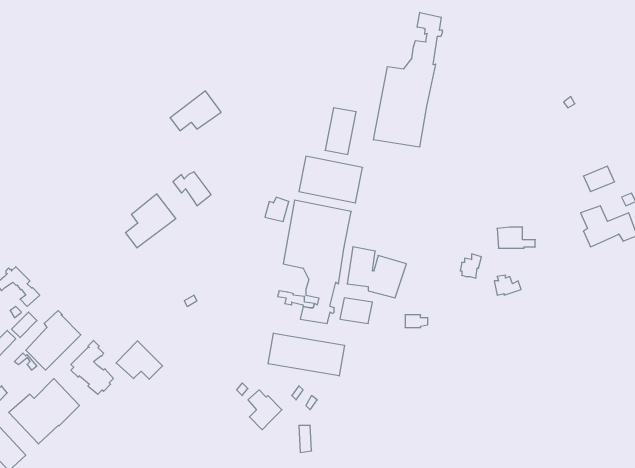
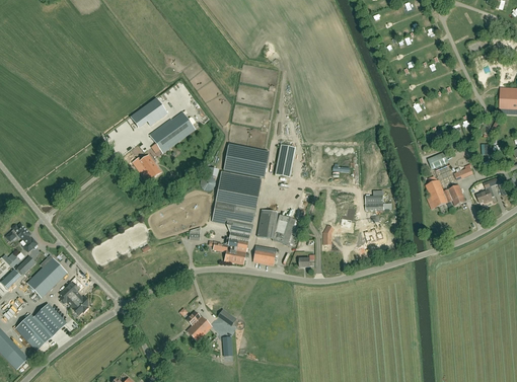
building: [373,12,442,147] -> none
building: [325,108,356,154] -> [274,146,296,179]
building: none -> [150,116,196,152]
building: [126,194,176,248] -> none
building: [268,333,344,376] -> none
building: [116,341,163,379] -> none

